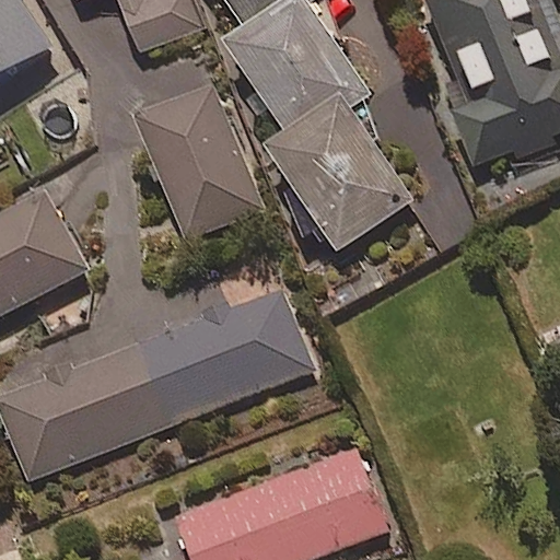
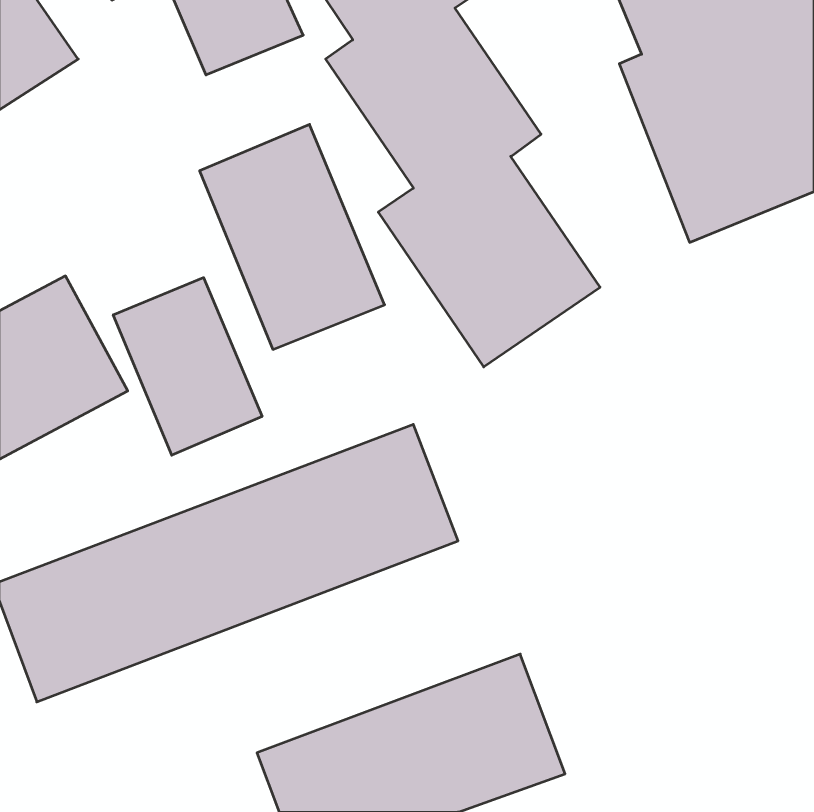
building: none -> [113,278,262,455]

